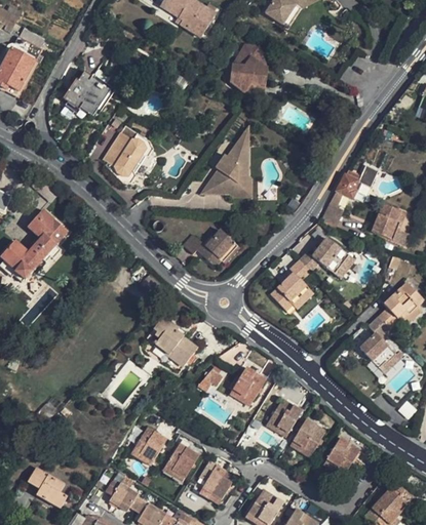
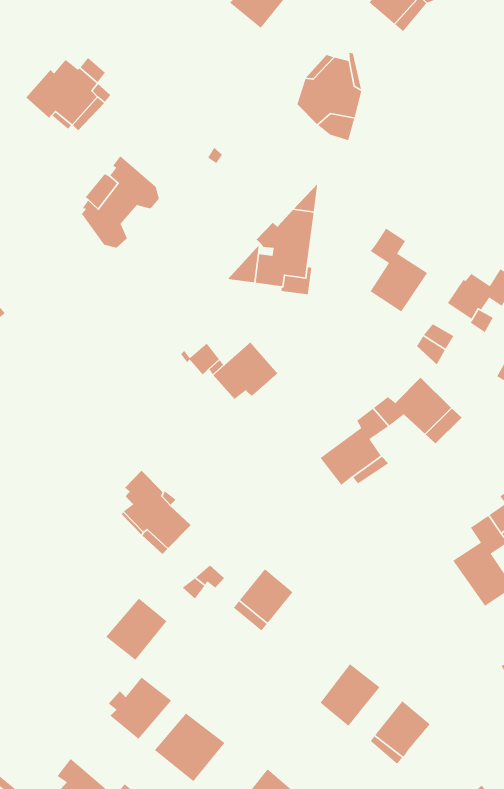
building: none -> [369,228,428,312]
building: [266,398,302,436] -> none
building: [130,426,167,465] -> [105,597,168,661]
building: [107,469,143,510] -> none

